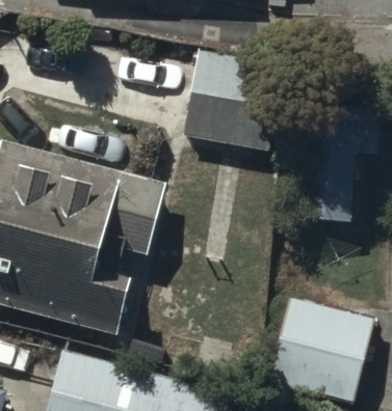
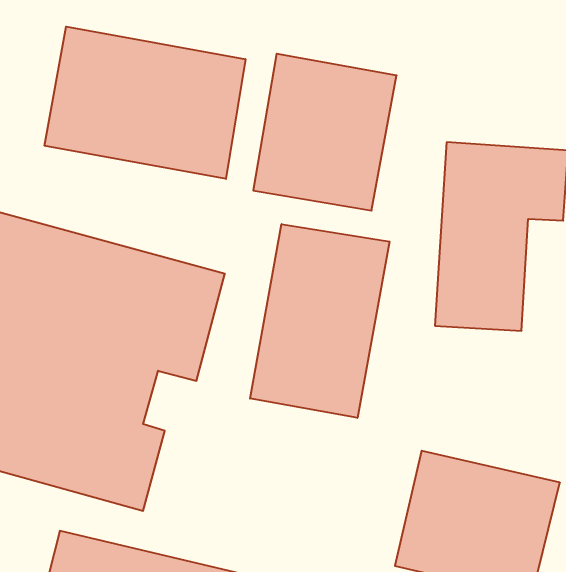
building: none -> [45,27,245,179]
building: none -> [250,224,390,418]

